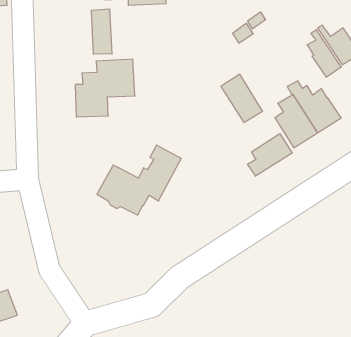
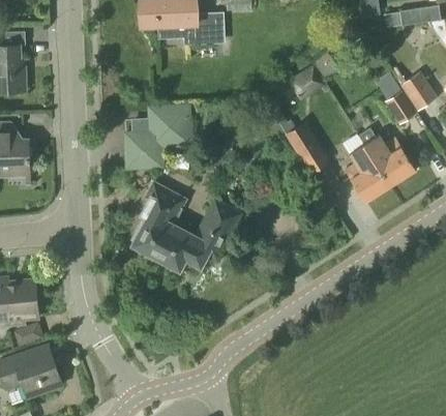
building: [92,9,112,54] -> none
building: none -> [131,181,185,252]
building: [248,134,292,176] -> none

